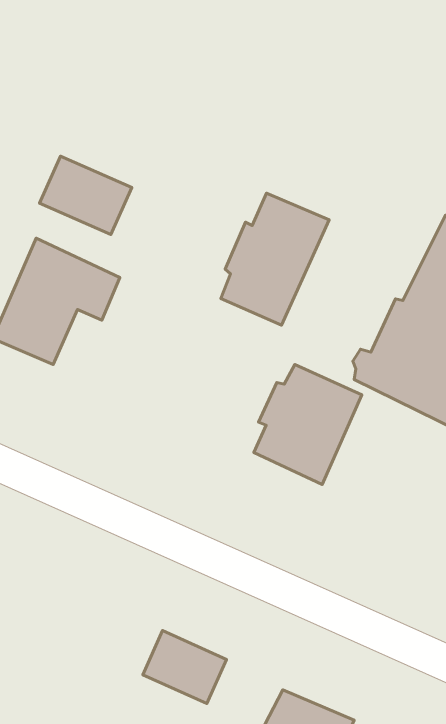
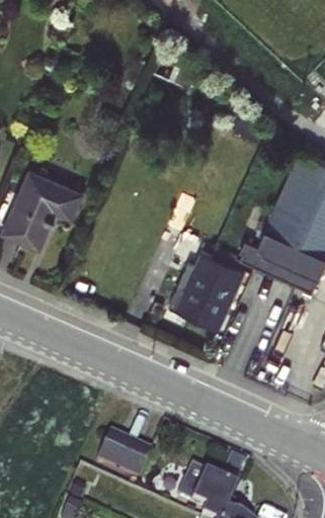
building: [40,156,132,234] -> none
building: [221,193,329,325] -> none

